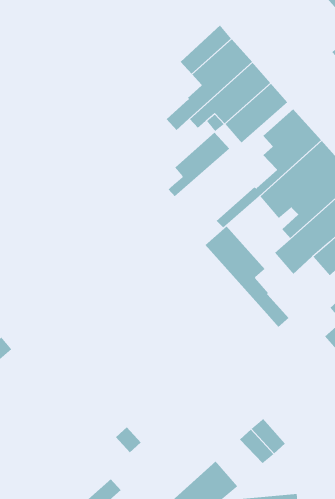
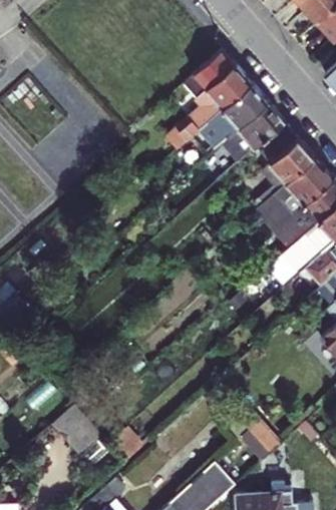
building: [168,132,230,197] -> none
building: [205,226,289,328] -> none
building: none -> [53,406,102,455]

